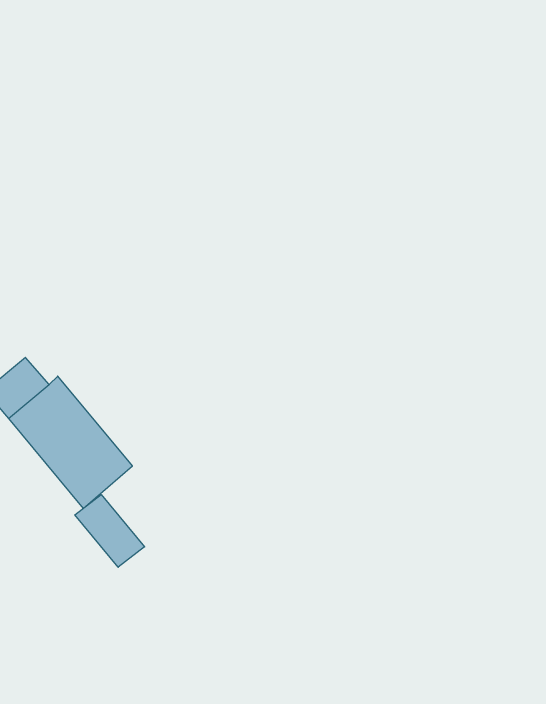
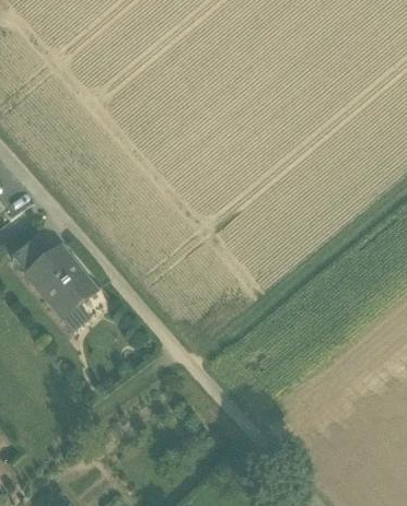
building: [75,495,145,567] -> none

